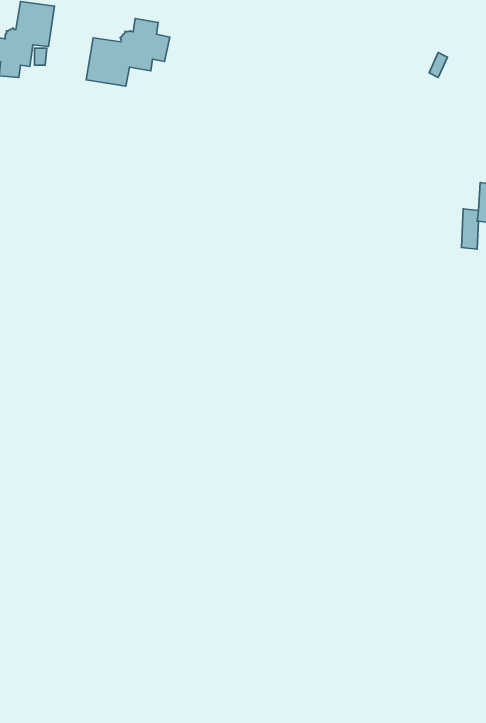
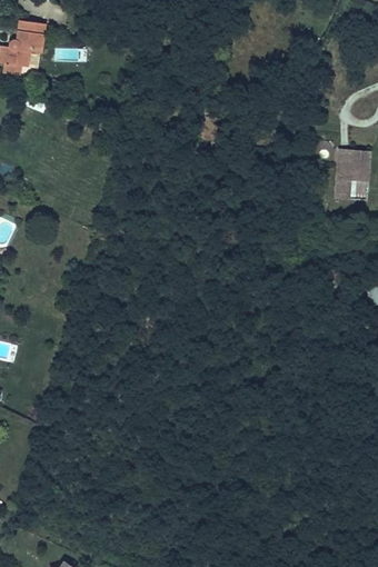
building: [86,19,170,86] -> none

